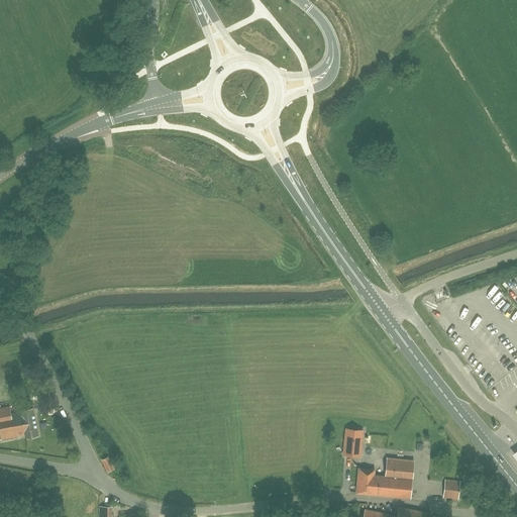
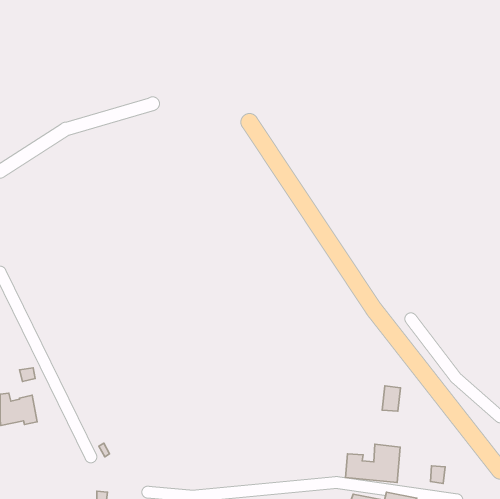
building: [343,430,363,456] -> [382,386,401,411]

